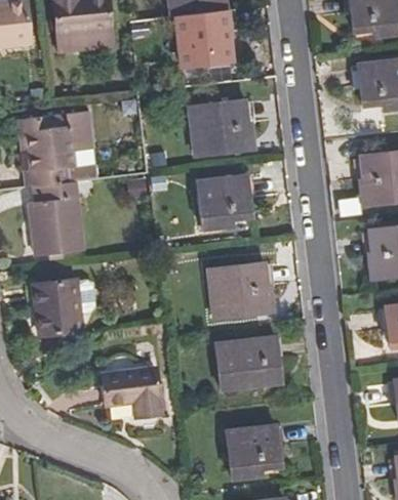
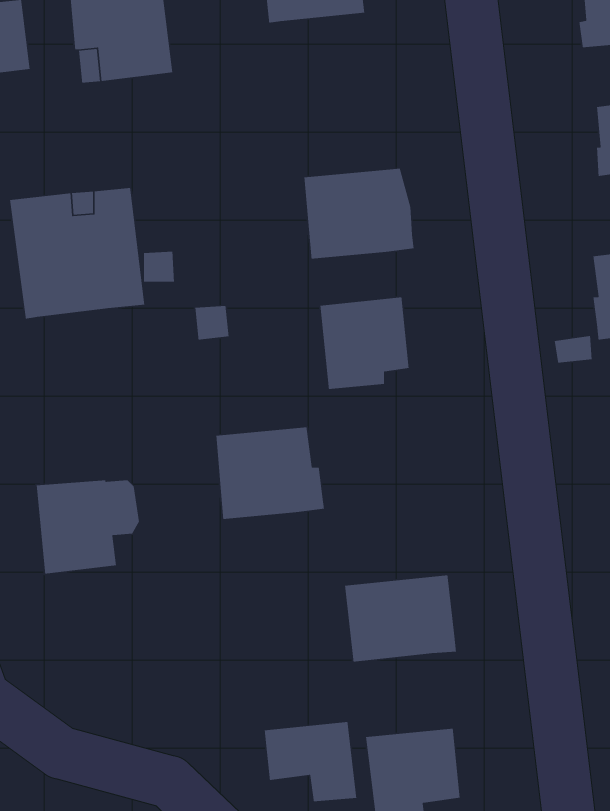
building: [176,9,229,67] -> none
building: [30,181,83,256] -> none
building: [210,263,274,318] -> [216,426,325,520]
building: [107,368,161,415] -> [264,721,357,802]

